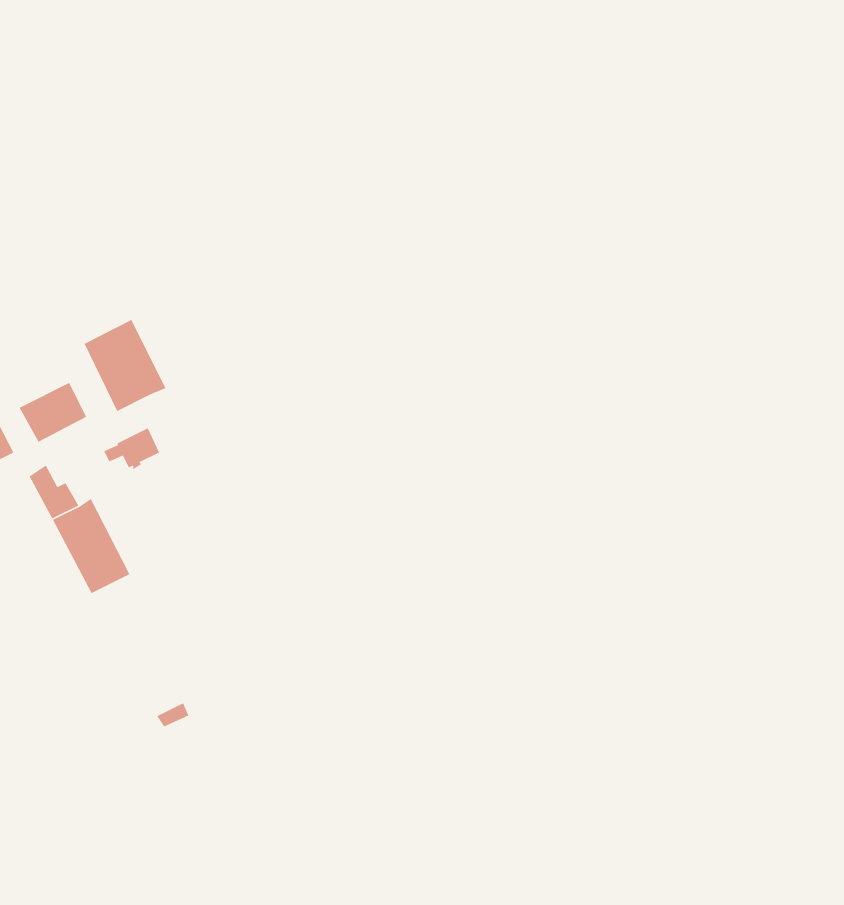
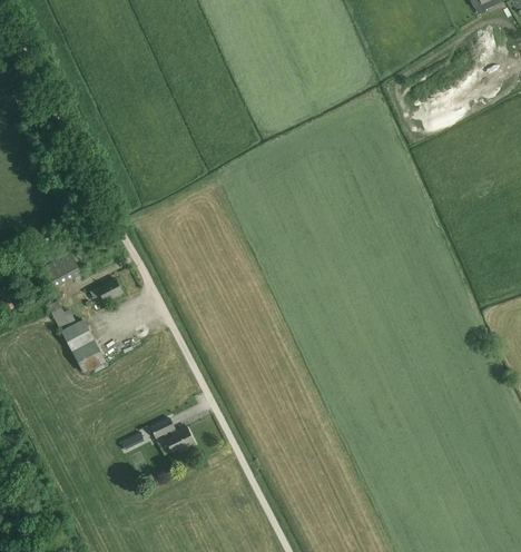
building: [83,319,167,412] -> none
building: none -> [150,418,195,452]

